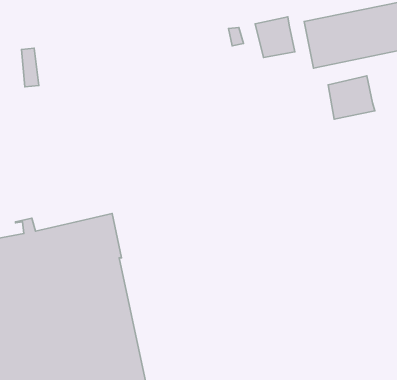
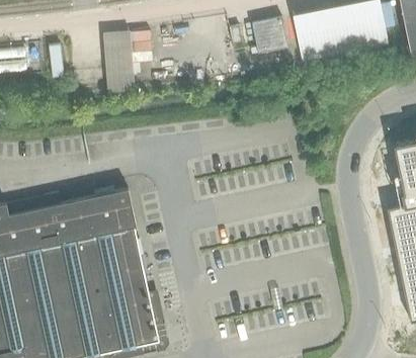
building: none -> [105,23,153,84]
building: [328,76,375,119] -> none

